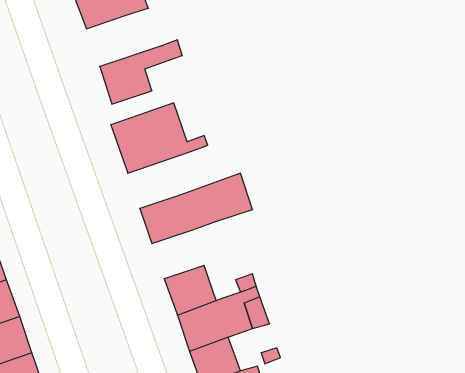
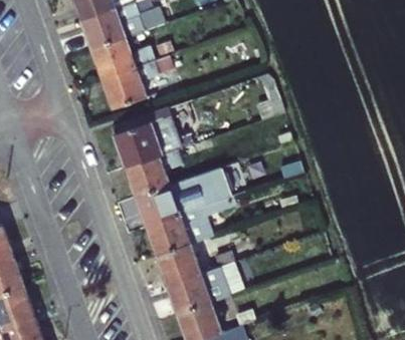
building: none -> [89,37,152,79]
building: none -> [124,149,181,197]
building: none -> [144,198,230,255]

